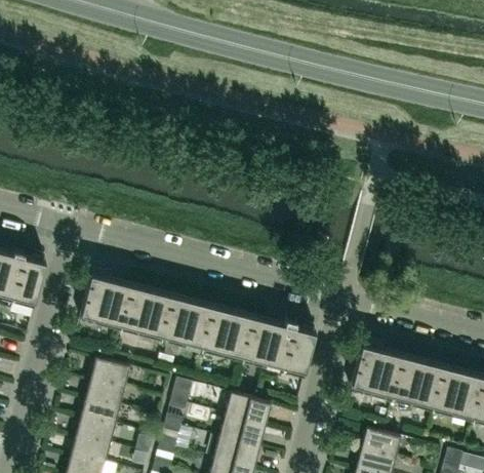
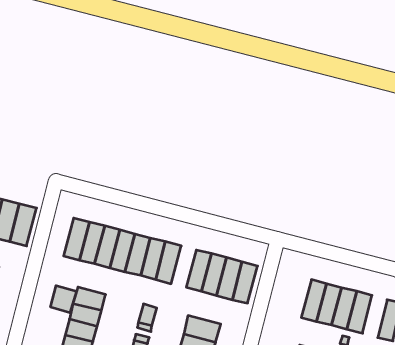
building: [210,306,241,356] -> none
building: [350,342,381,393] -> none
building: none -> [51,286,77,313]
building: [444,366,474,418] -> none

